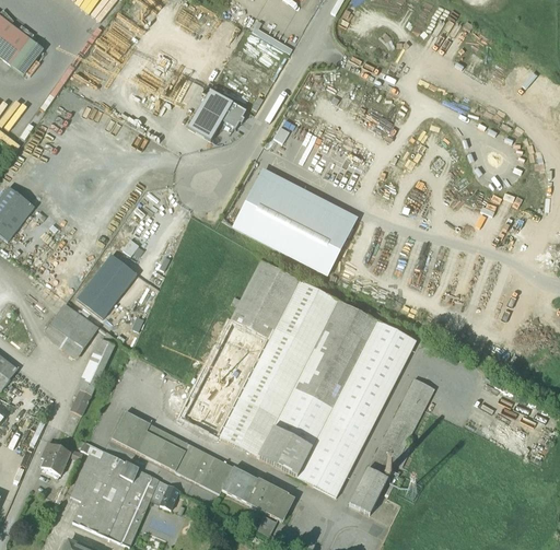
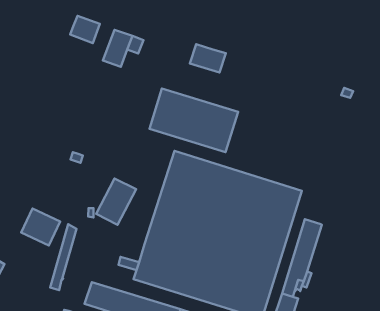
building: none -> [70,16,100,43]
building: none -> [190,44,226,73]
building: [78,257,135,317] -> [96,179,136,225]

